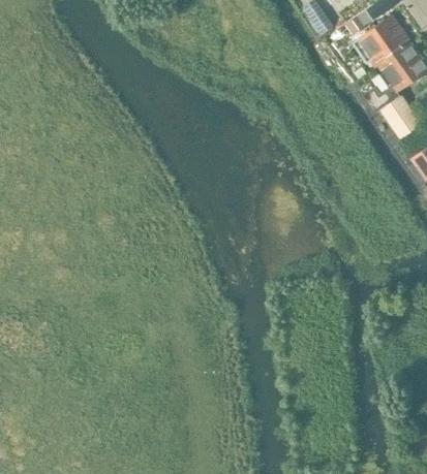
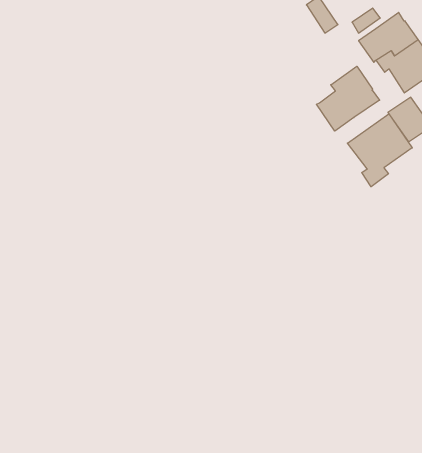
building: none -> [316,66,380,131]
building: none -> [347,114,412,187]

